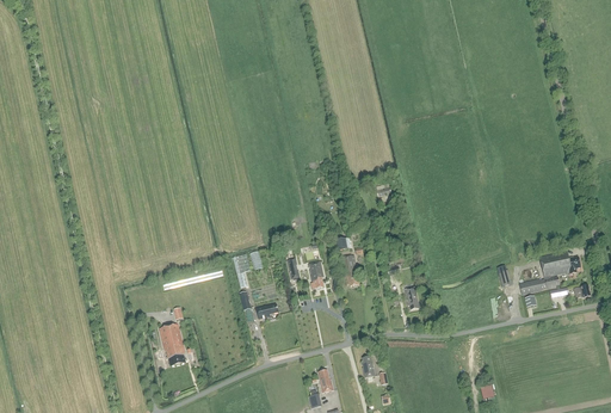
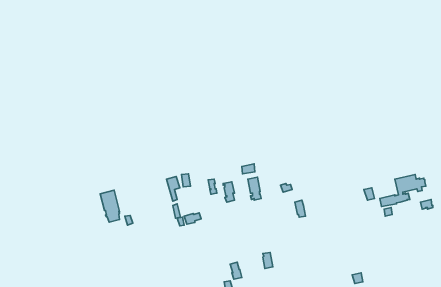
building: [158,323,184,366] -> [100,190,120,222]

